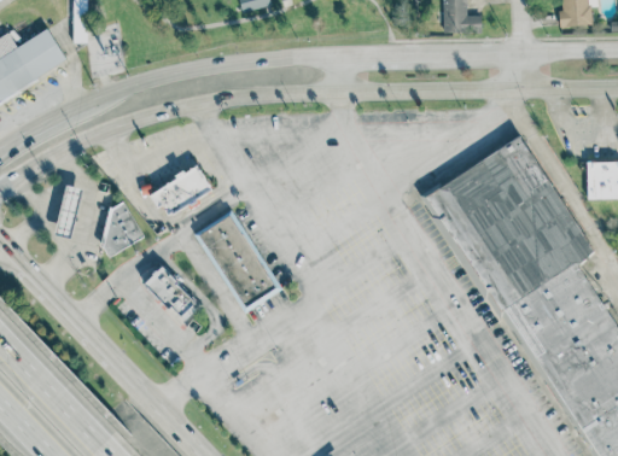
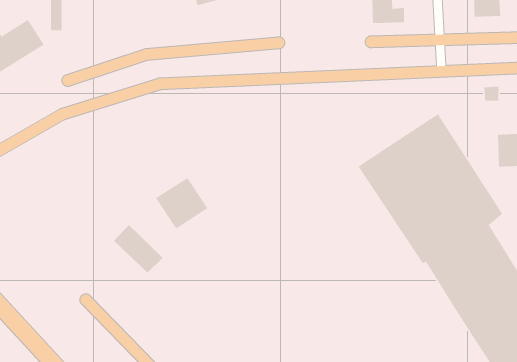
building: [150,164,212,215] -> none
building: [54,185,83,238] -> none
building: [100,201,144,258] -> none
building: [217,246,282,312] -> none

